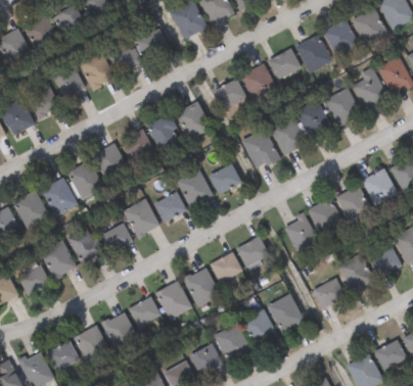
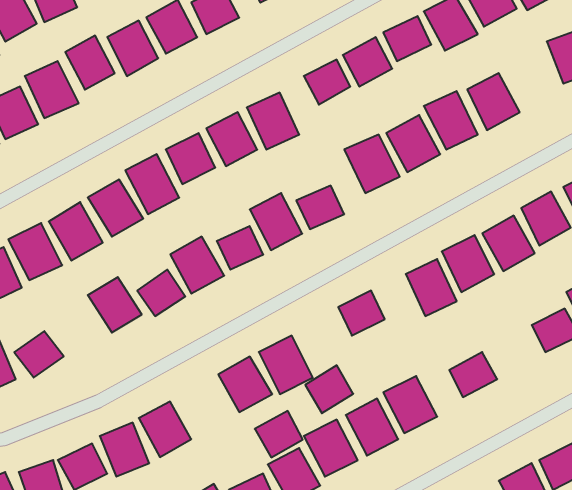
building: [350,69,388,108] -> none
building: [40,240,77,278] -> none
building: [210,250,242,283] -> [305,365,353,413]
building: [336,253,373,291] -> none
building: [128,295,160,327] -> [255,411,303,457]

